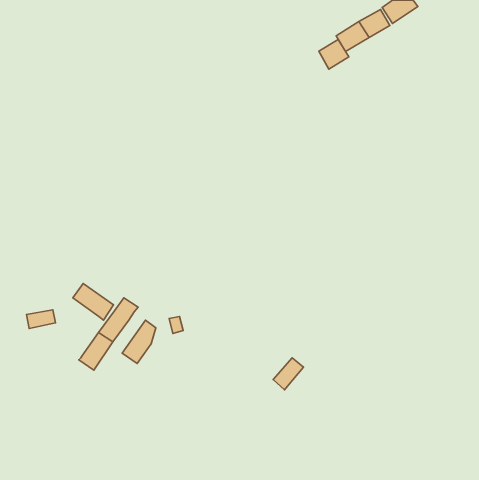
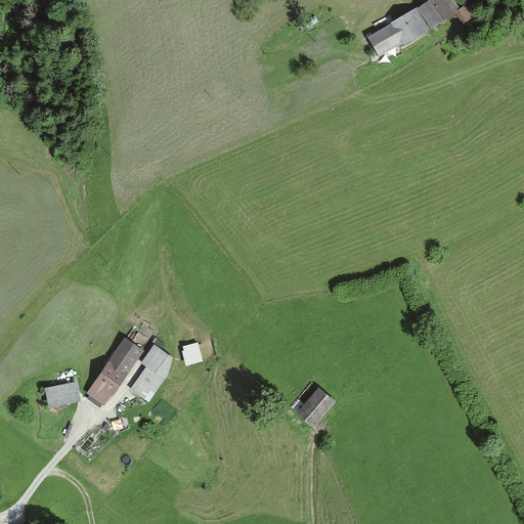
building: [319,39,349,69] -> none
building: [73,284,114,320] -> none
building: [26,310,56,328] -> [46,384,78,404]

